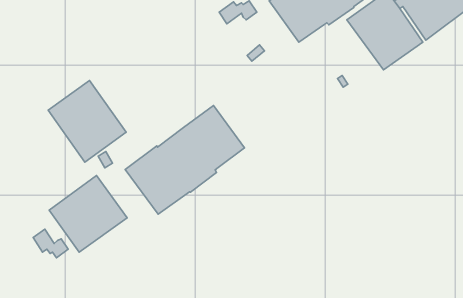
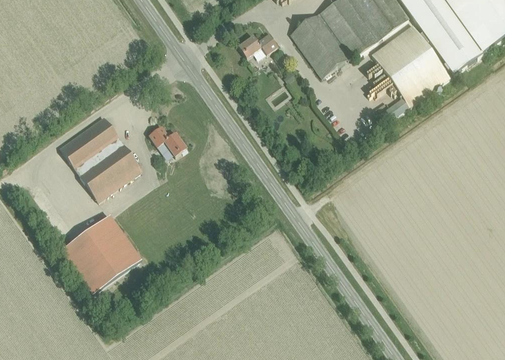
building: none -> [149,125,187,155]
building: [125,106,244,214] -> none
building: [33,229,68,258] -> none

